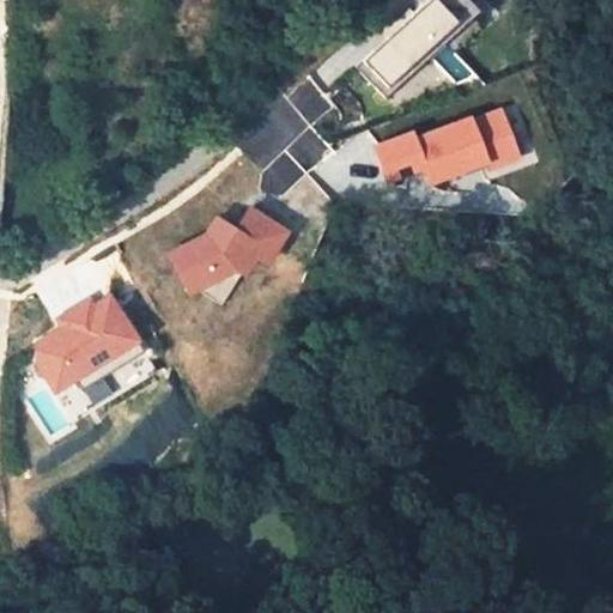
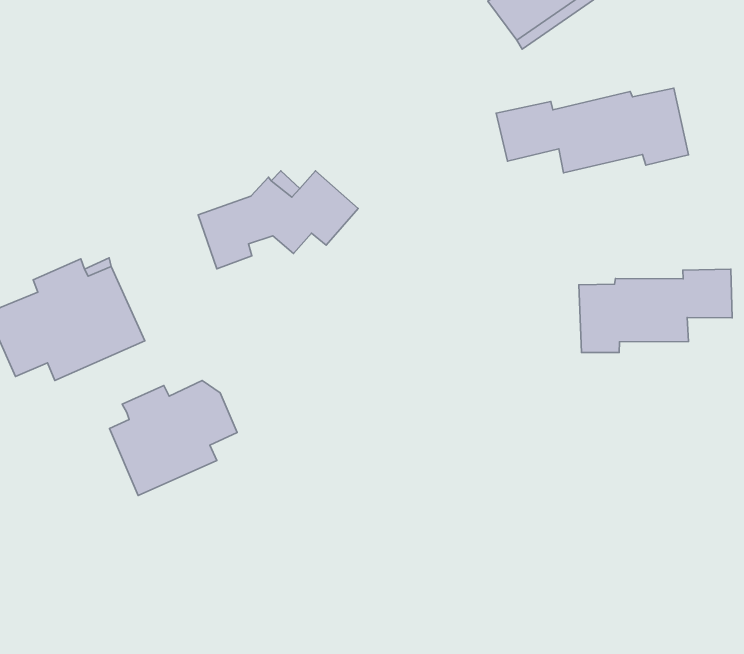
building: none -> [579,269,732,353]
building: none -> [109,380,237,495]

